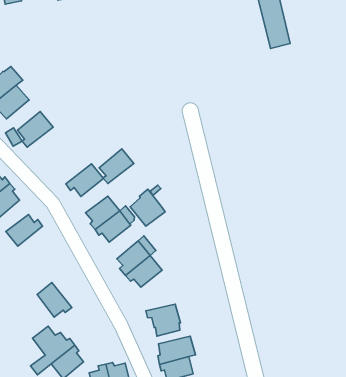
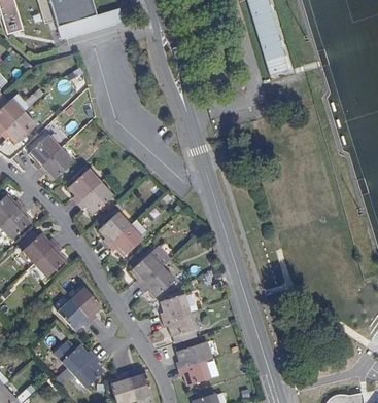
building: none -> [37,149,72,181]
building: [99,149,134,183] -> [67,169,100,203]
building: [130,189,165,226] -> none
building: none -> [34,245,66,279]
building: none -> [69,287,101,321]
building: none -> [159,294,197,320]

